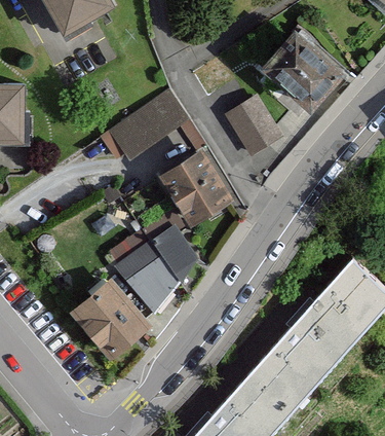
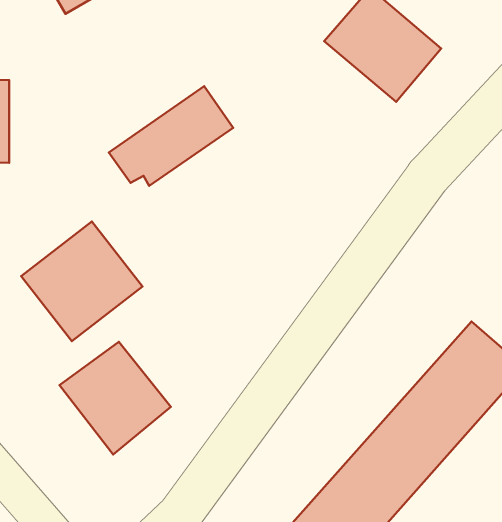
building: [222,94,279,155] -> none
building: [154,143,229,221] -> none
building: [117,217,203,302] -> [21,221,143,341]

